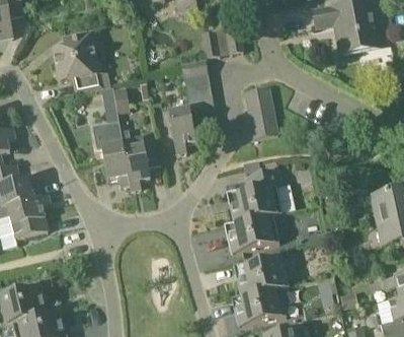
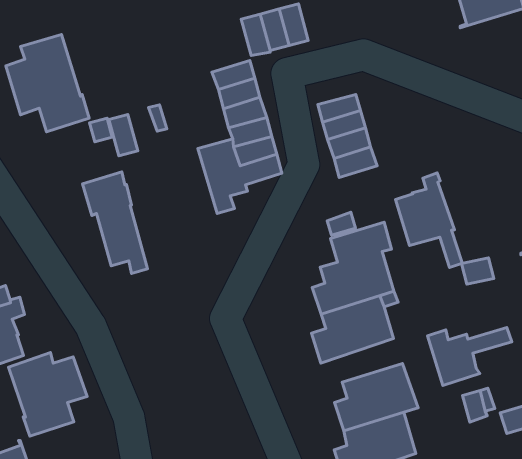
building: [122,129,151,190] -> none
building: none -> [395,173,462,268]
building: none -> [9,352,87,436]
building: none -> [427,328,512,385]

